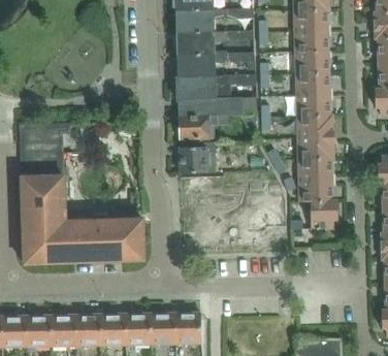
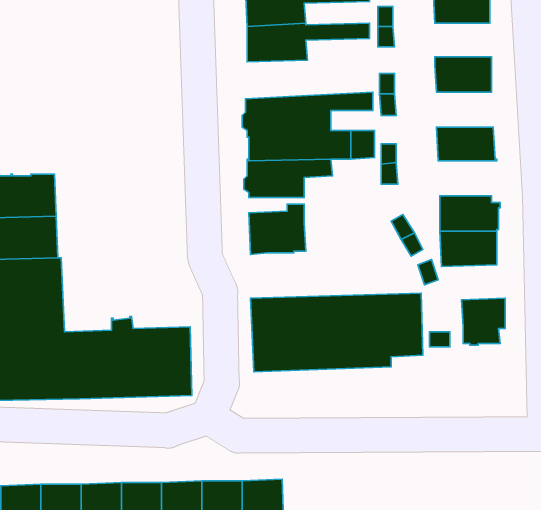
building: [293,31,328,52] -> none
building: [176,53,253,77] -> none
building: [294,73,329,95] -> none
building: [295,116,333,137] -> none
building: [297,180,336,201] -> none

